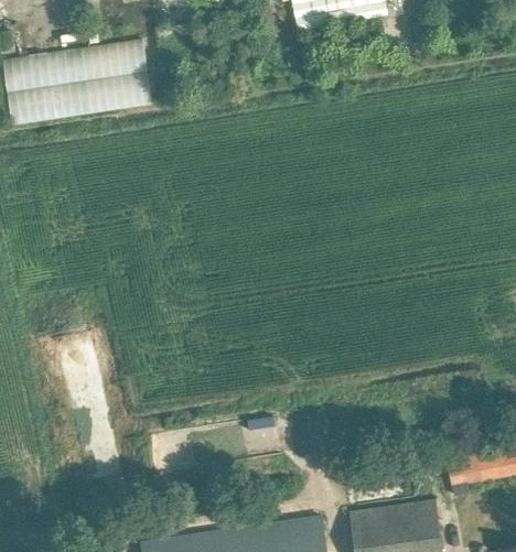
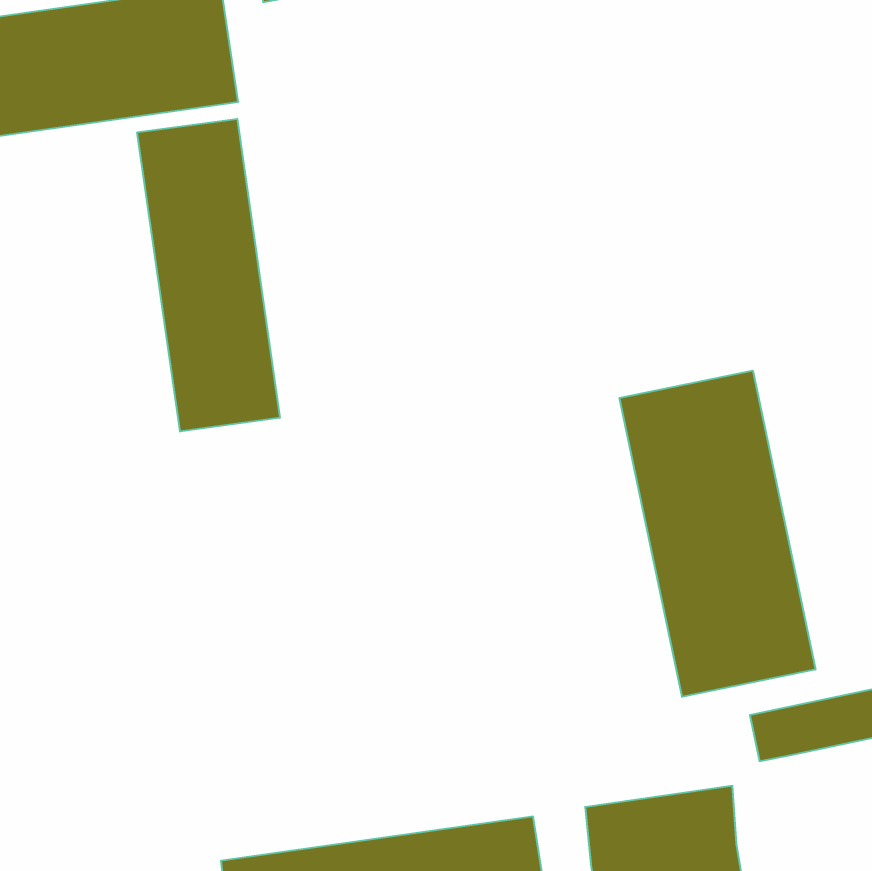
building: none -> [137,119,280,432]
building: none -> [619,371,815,697]

